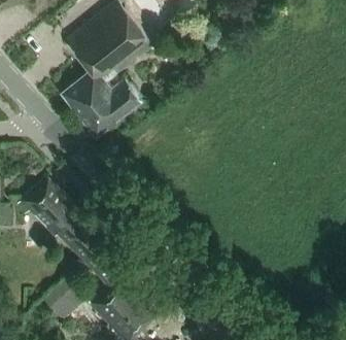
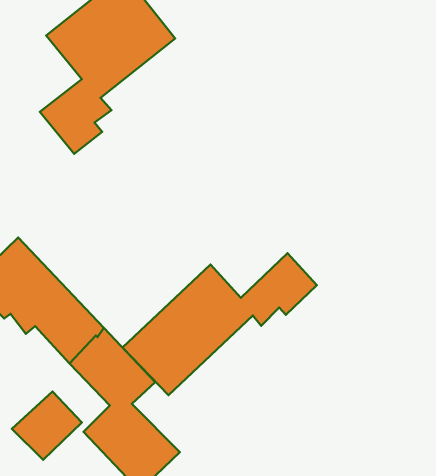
building: [82,78,142,138] -> none
building: none -> [122,253,317,395]

